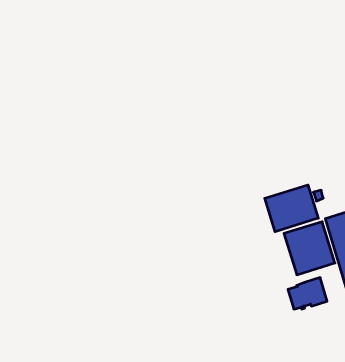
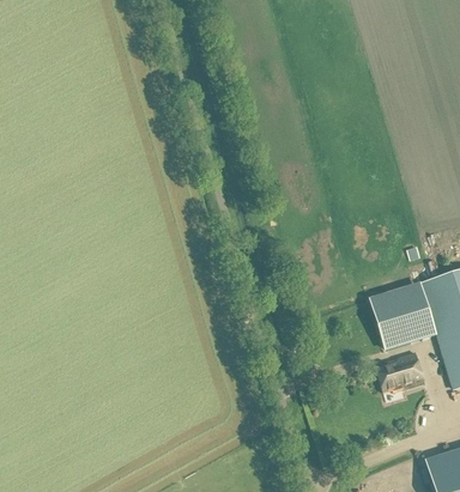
building: [265,185,318,232] -> none

